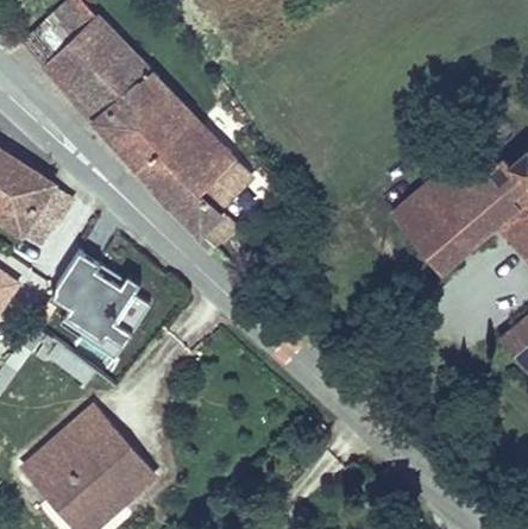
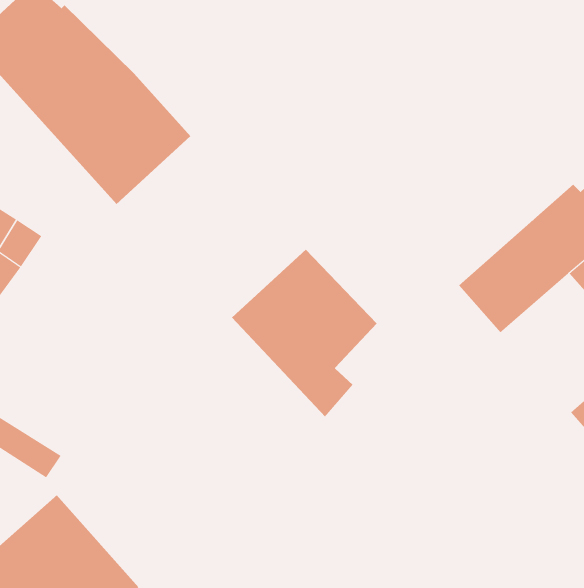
building: [137,118,253,252] -> [231,249,377,418]
building: [389,162,469,237] -> none
building: [55,253,152,360] -> none

